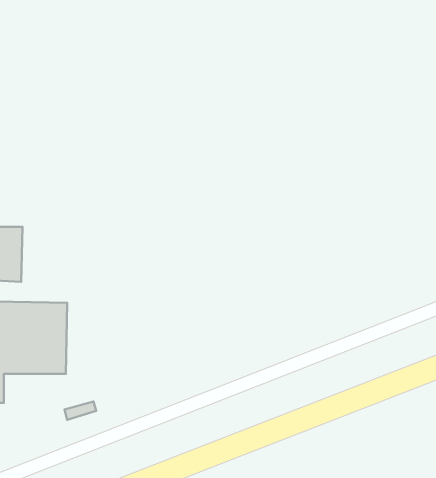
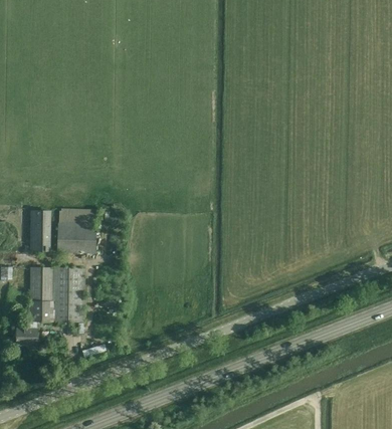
building: none -> [56,208,95,252]

